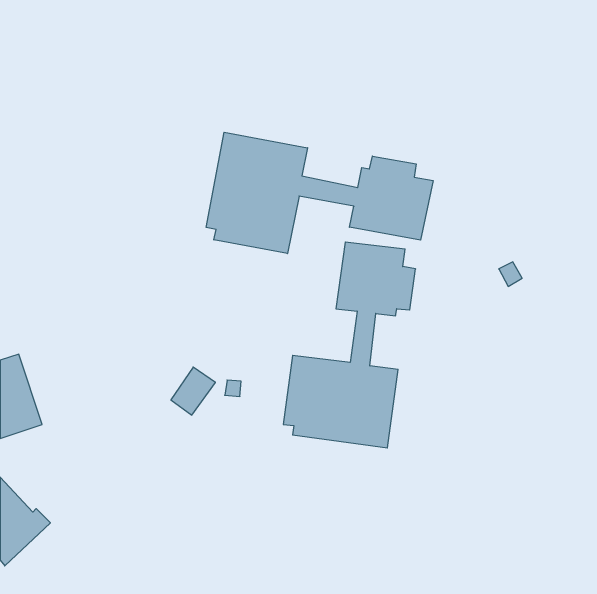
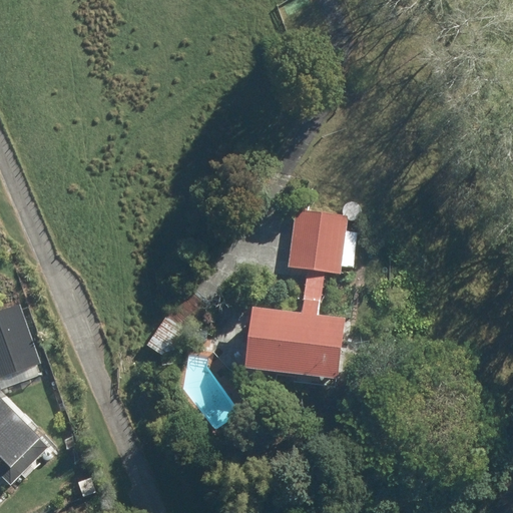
building: [206,132,433,254] -> none

